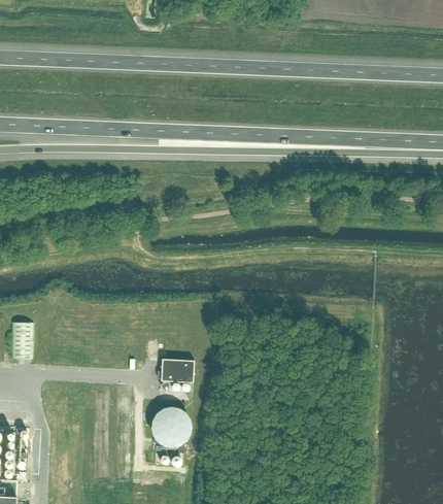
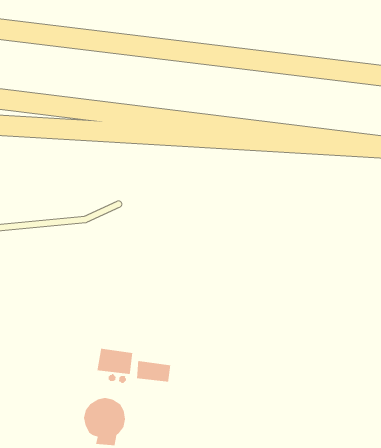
building: none -> [136,360,171,382]

